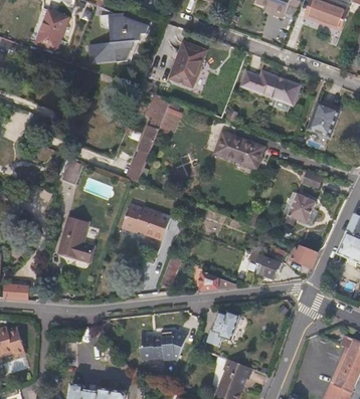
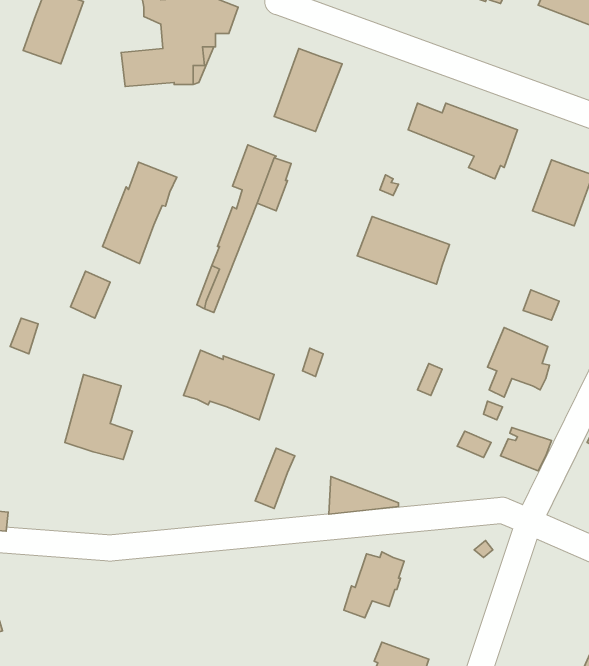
building: none -> [102,162,177,263]
building: [248,251,282,279] -> none
building: [140,329,187,360] -> none

